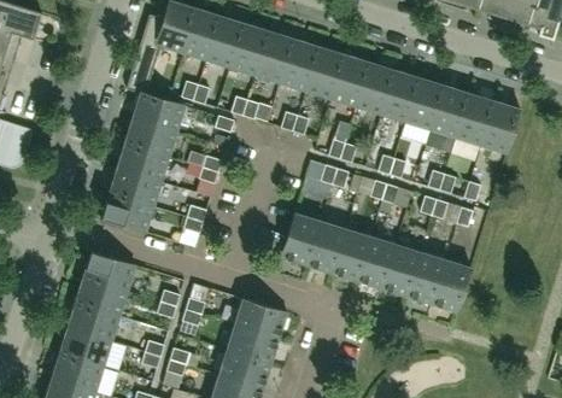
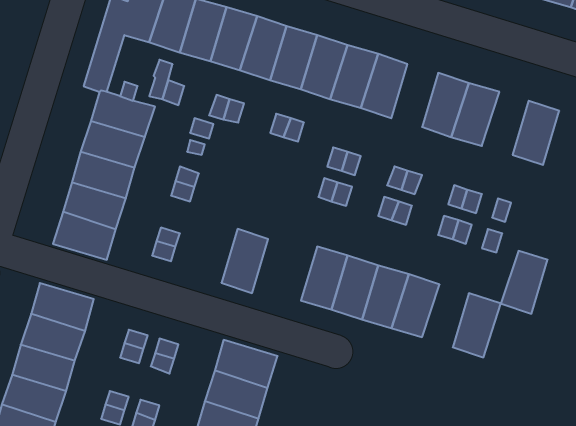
building: [381,70,420,122] -> none
building: [456,93,494,145] -> none
building: [281,212,320,265] -> [221,229,268,293]
building: [406,252,445,304] -> [501,251,548,314]

